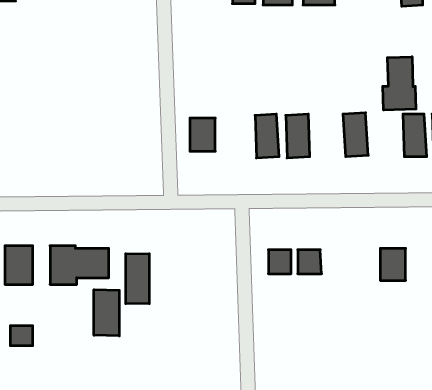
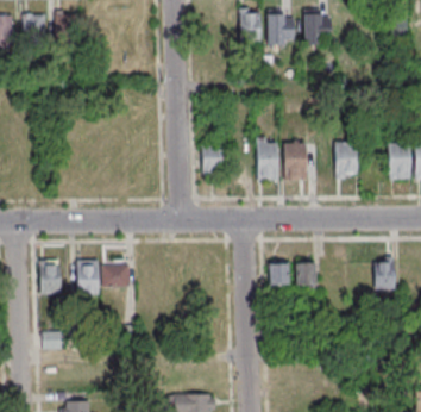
building: [383,57,416,110] -> none
building: [126,254,149,304] -> none
building: [94,290,119,336] -> none

